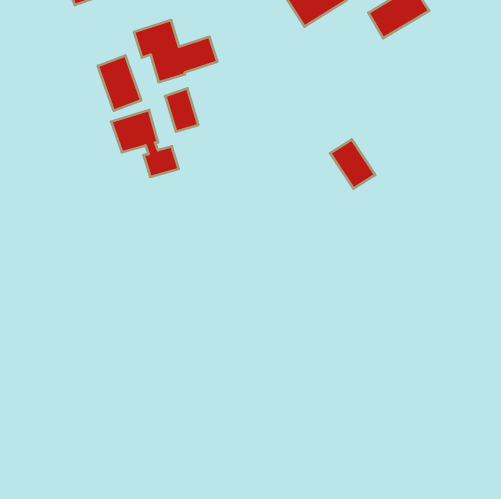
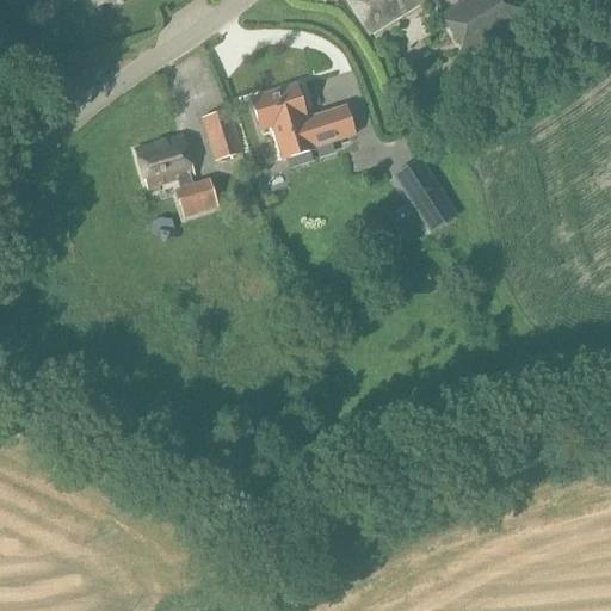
building: [134,20,217,82] -> [252,82,353,158]
building: [98,55,141,111] -> none

